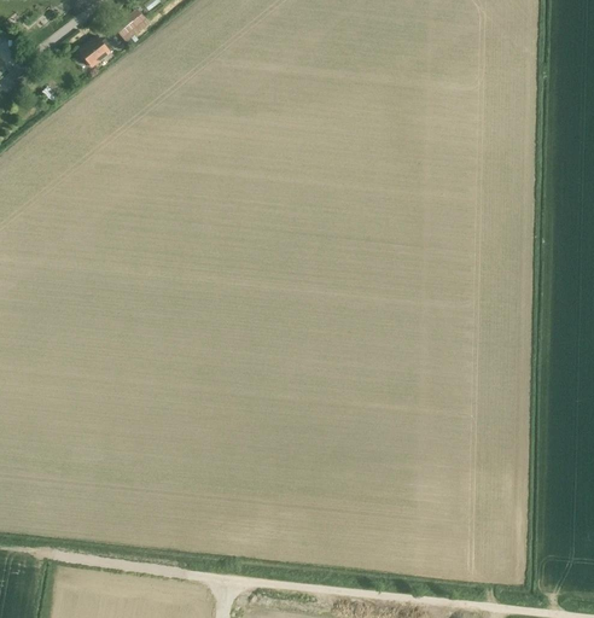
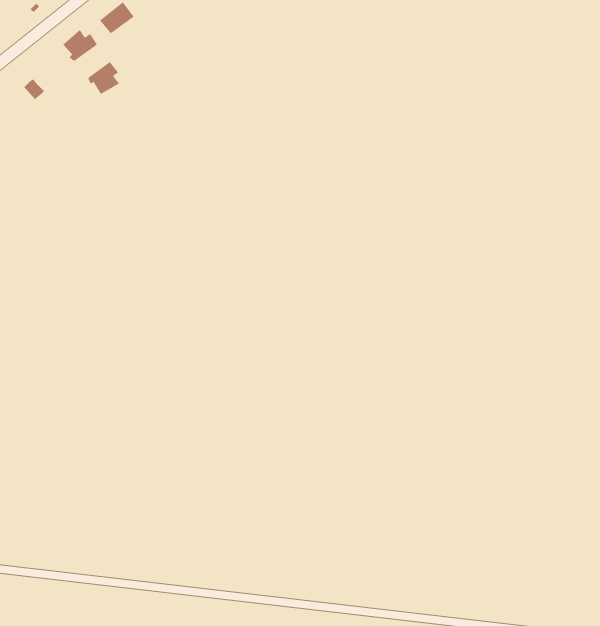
building: none -> [88,61,120,95]

